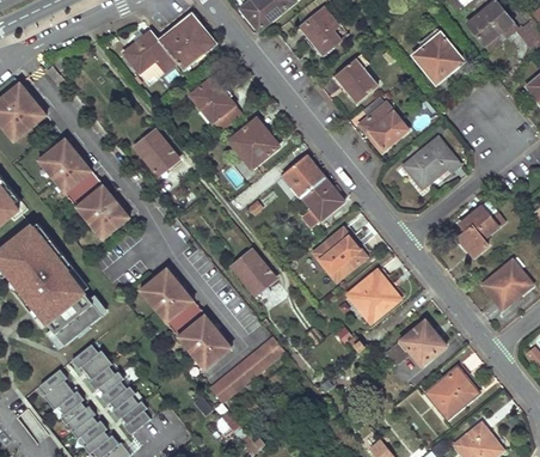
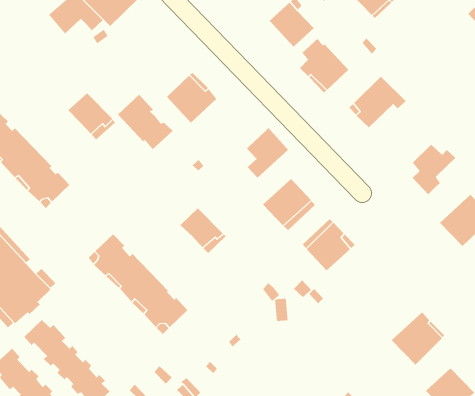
building: [189,77,241,132] -> [117,94,173,150]
building: [283,158,321,195] -> none
building: [386,321,444,364] -> none
building: [210,337,284,403] -> none

